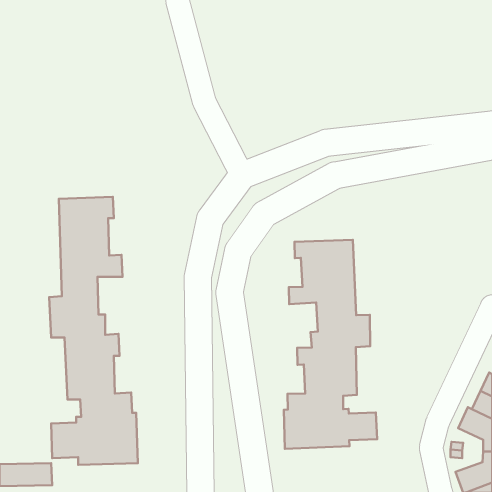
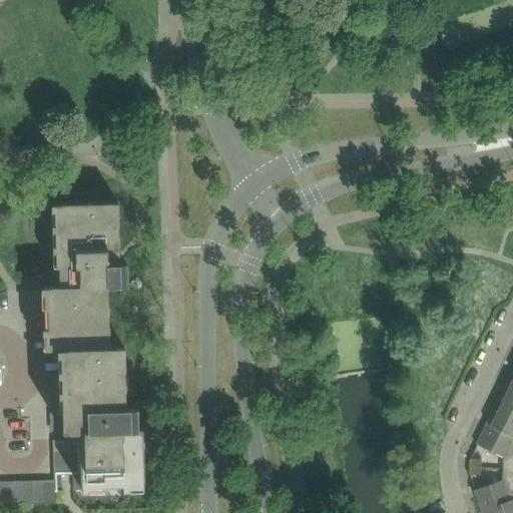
building: [284,240,377,449] -> none

